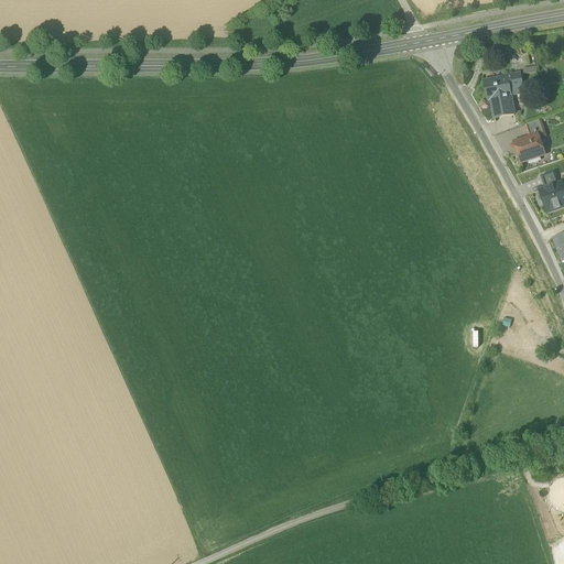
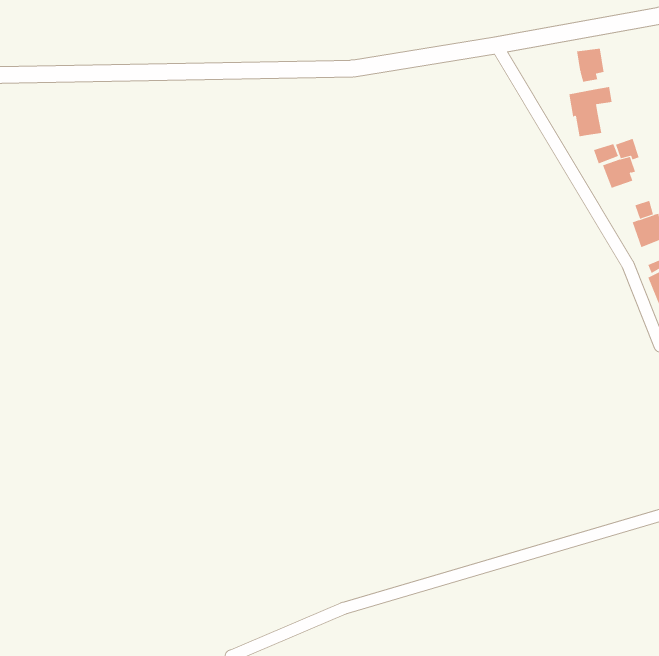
building: none -> [576,48,604,83]

